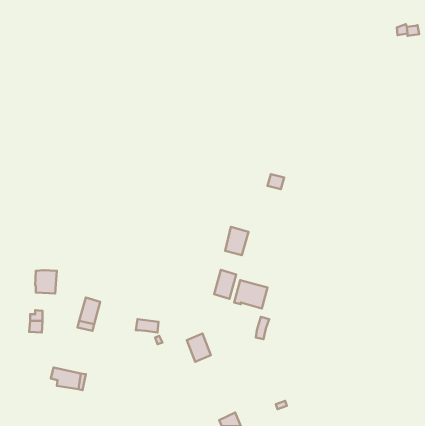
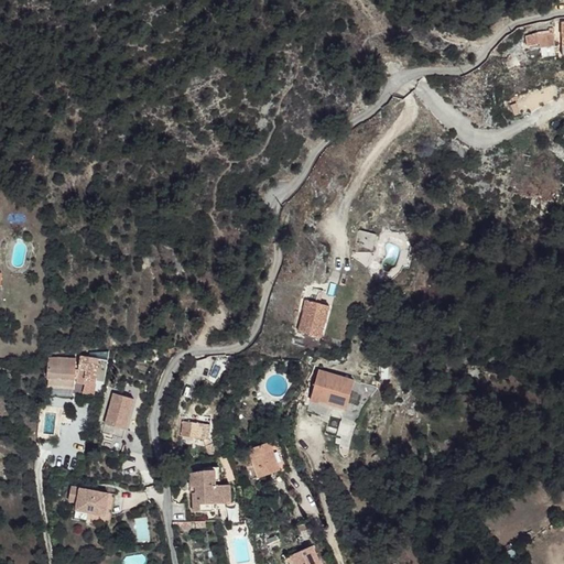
building: none -> [76,351,108,394]
building: [214,270,236,299] -> none
building: none -> [188,467,230,511]

